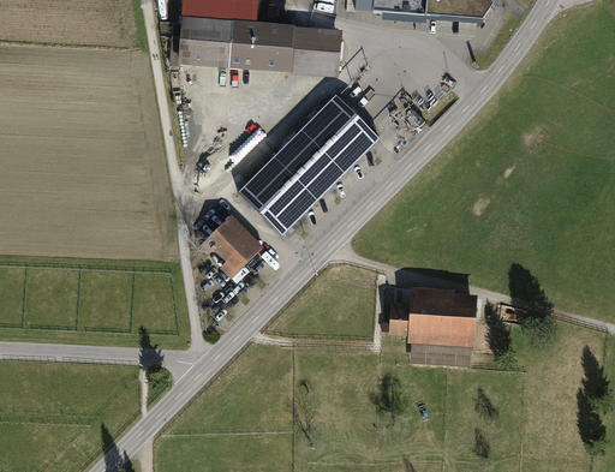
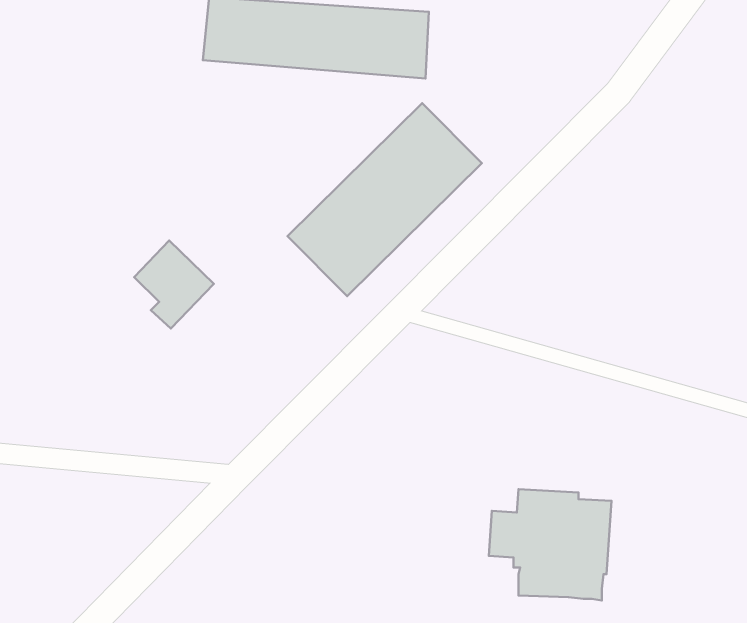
building: [207,215,264,279] -> [134,240,214,329]
building: [389,286,478,366] -> [489,489,612,601]

